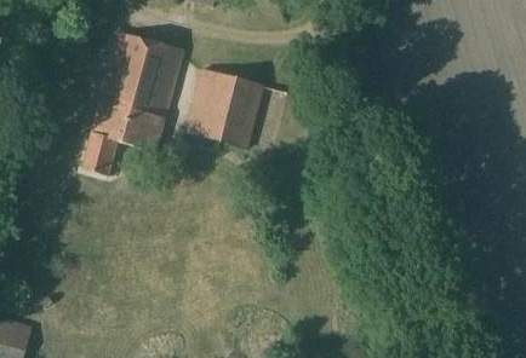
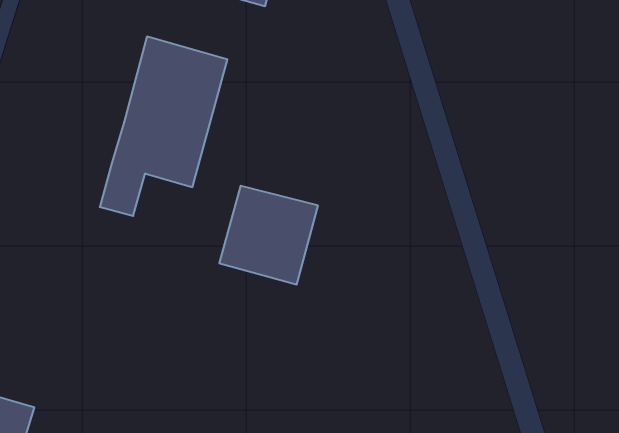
building: [185,69,264,148] -> [219,186,318,285]

